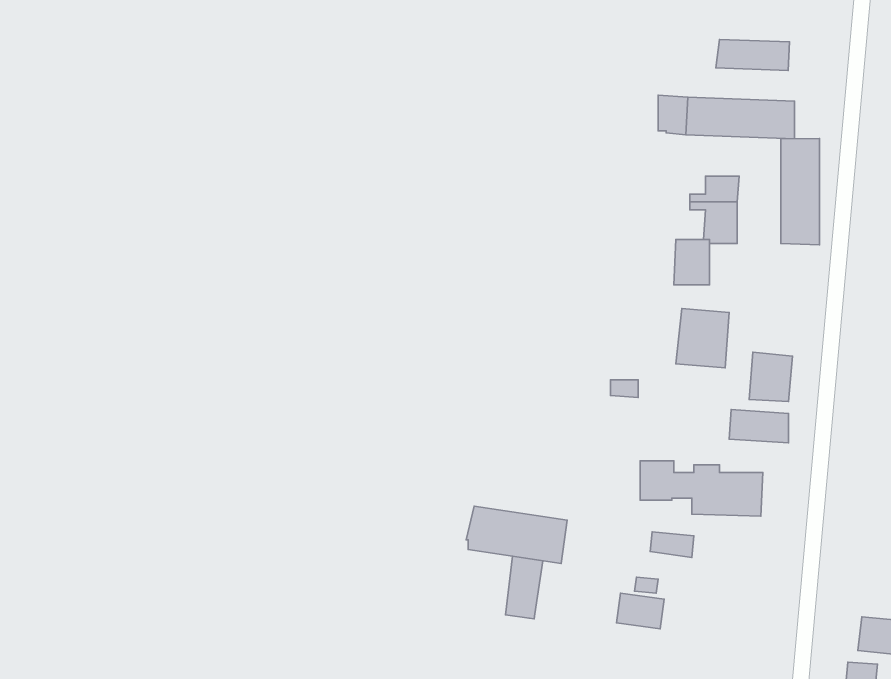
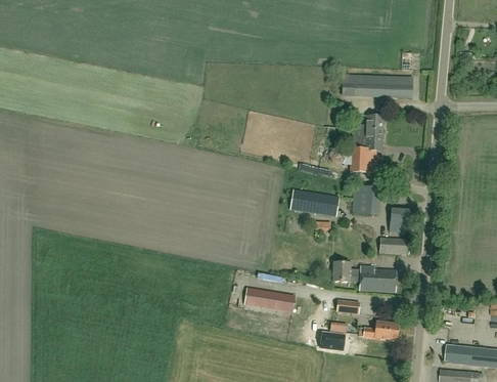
building: [716,39,789,70] -> none
building: [781,138,820,245] -> none
building: none -> [289,188,338,216]
building: [505,556,543,619] -> none
building: none -> [363,321,399,340]

